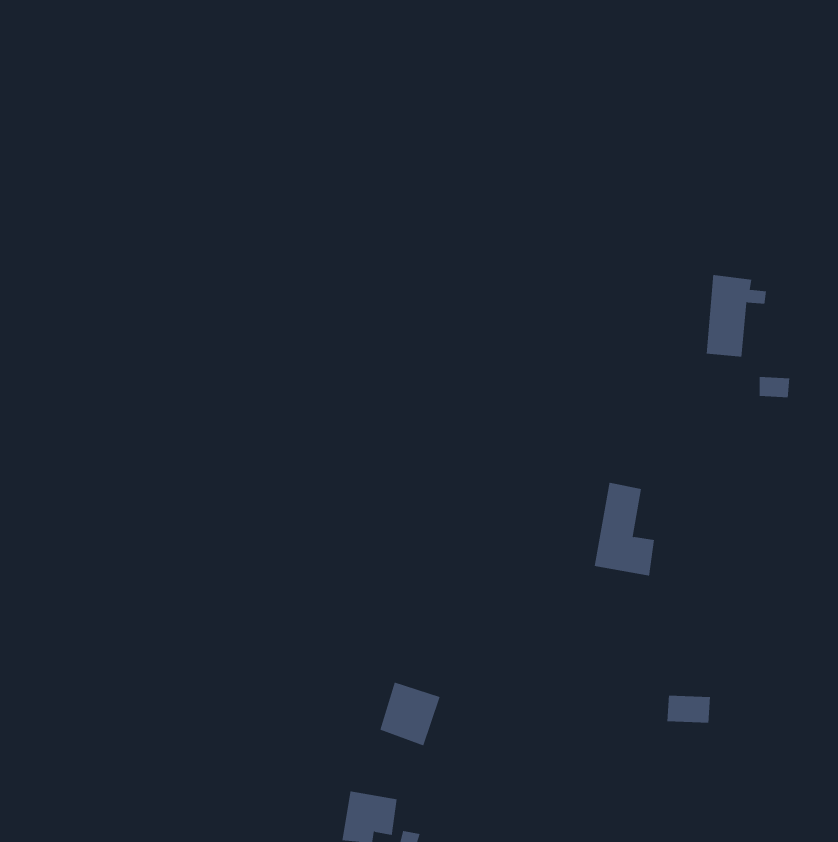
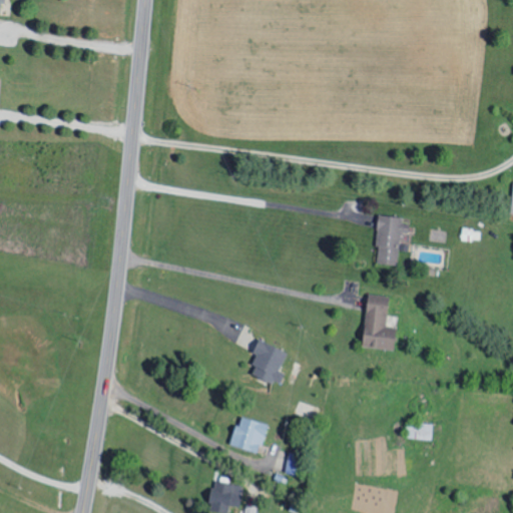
building: [706,275,767,357] -> [375,216,412,267]
building: none -> [249,340,287,385]

